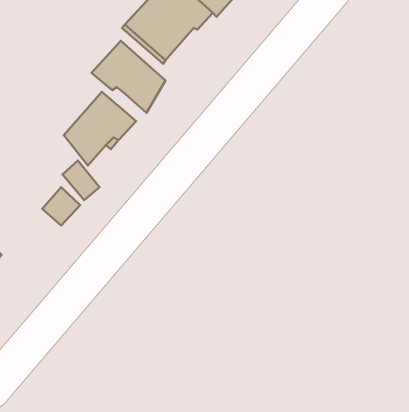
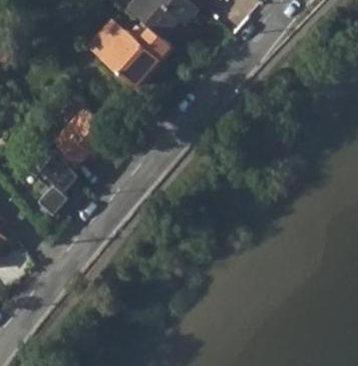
building: [91,41,166,113] -> none

